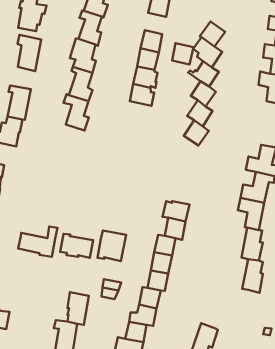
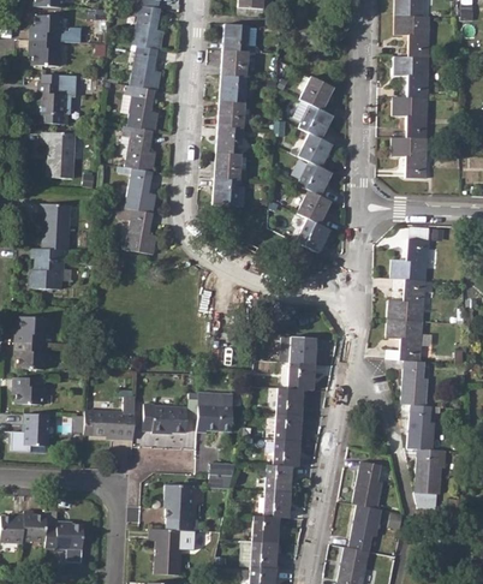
building: [172,43,193,65] -> [220,75,248,102]
building: none -> [415,447,447,493]
building: none -> [352,460,383,508]

